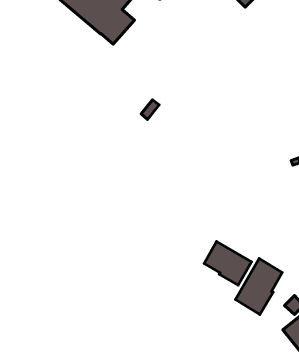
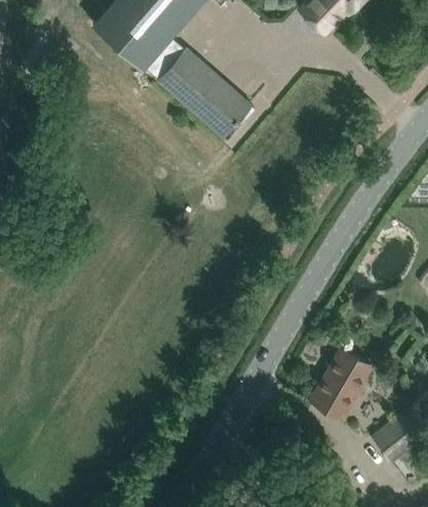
building: none -> [160,48,252,136]
building: [204,241,251,285] -> none

